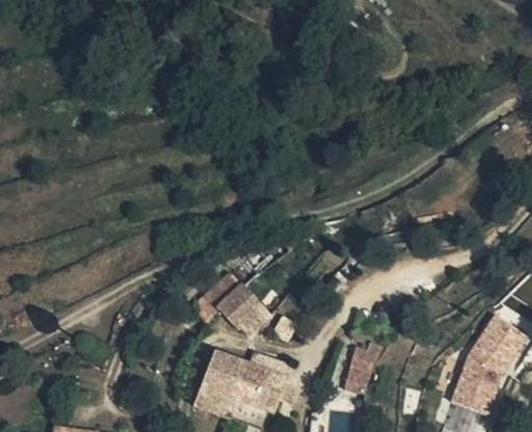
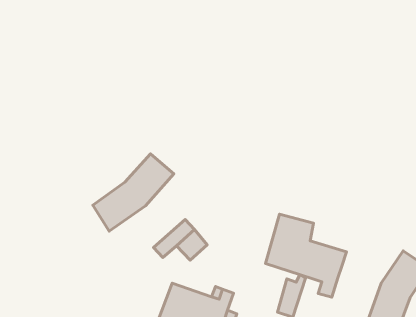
building: none -> [93,154,174,231]
building: none -> [265,214,347,297]

